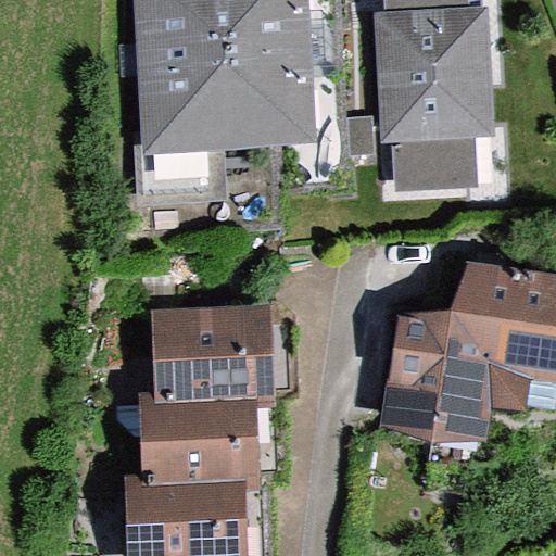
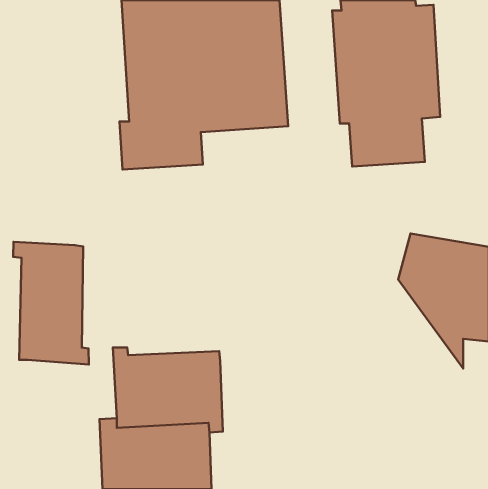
building: none -> [13,242,89,364]
building: [141,303,269,409] -> none
building: [376,317,527,451] -> none

